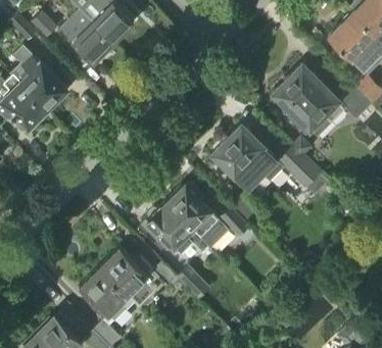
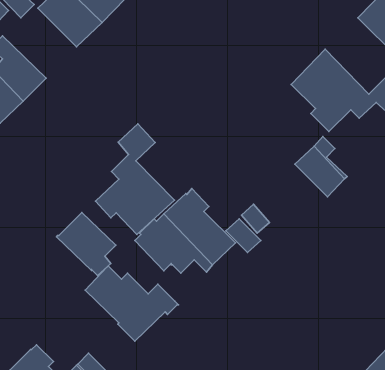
building: [211,126,274,190] -> none
building: none -> [95,124,174,235]
building: [175,265,208,299] -> none
building: [78,267,128,320] -> [56,213,116,275]

